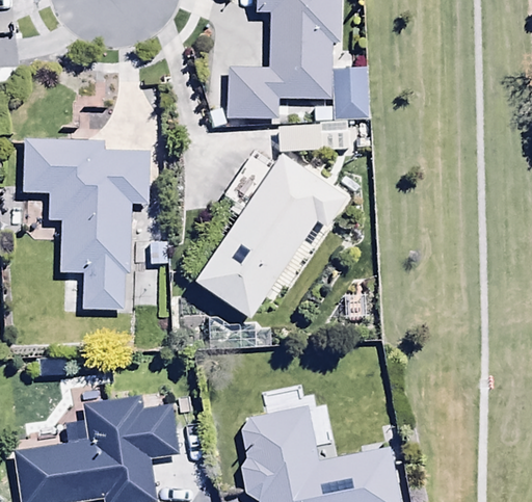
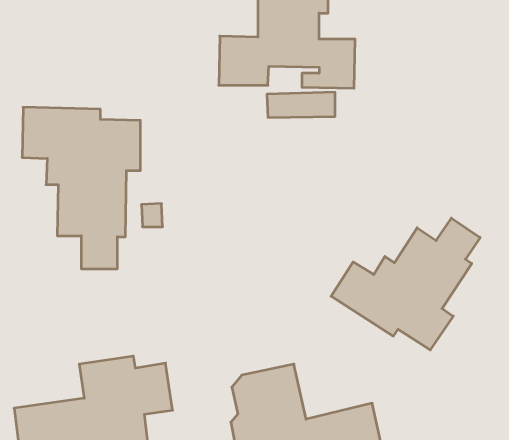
building: [197,154,349,320] -> none
building: none -> [331,218,480,350]

